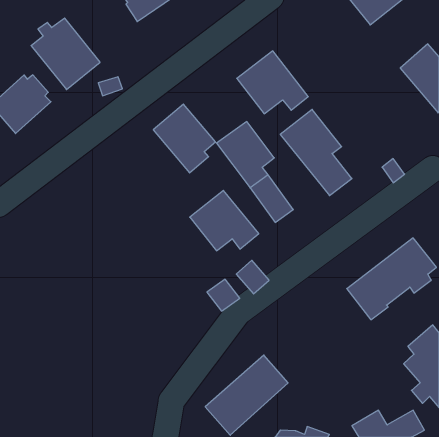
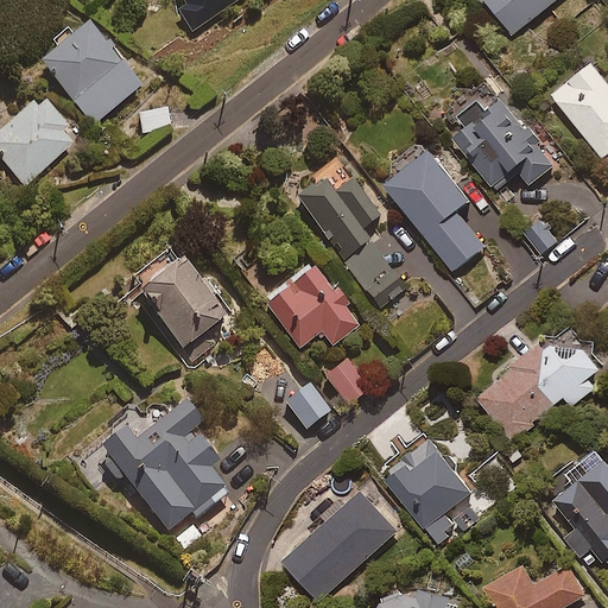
building: [237,51,308,114] -> [455,101,553,188]
building: [153,104,215,173] -> [141,265,227,360]
building: none -> [99,403,227,531]
building: none -> [387,437,475,538]

